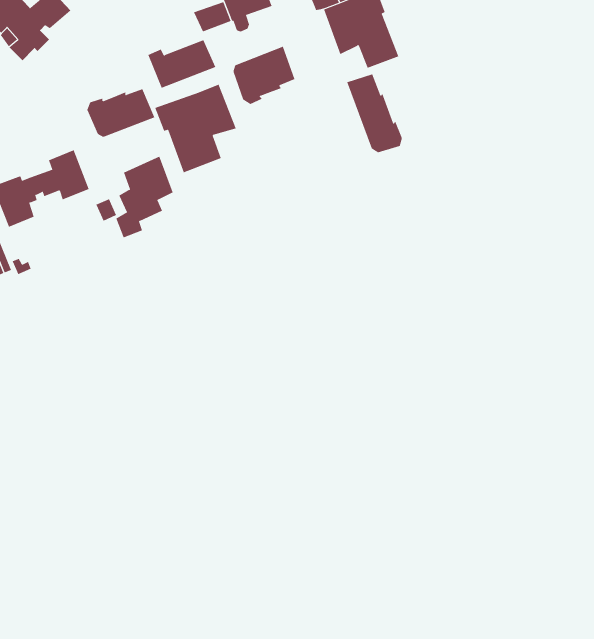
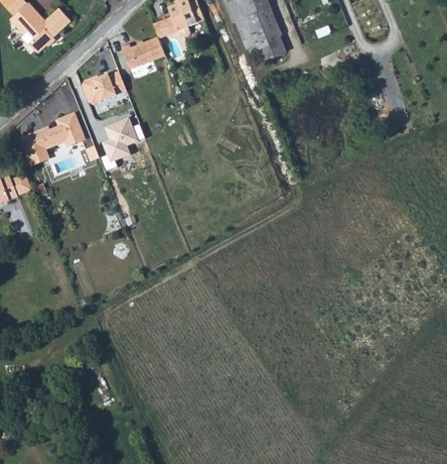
building: [233,46,295,105] -> none
building: [346,74,402,153] -> none
building: [154,84,237,173] -> none

